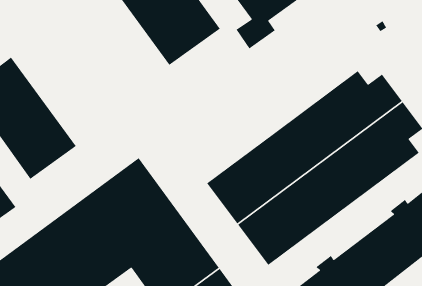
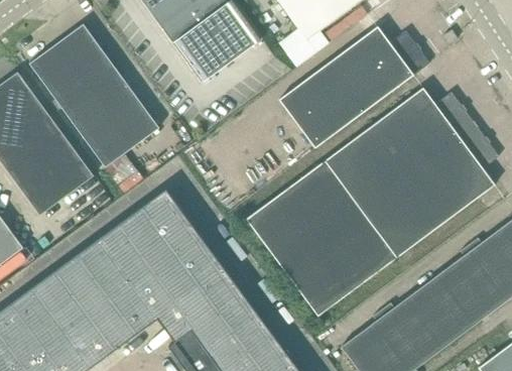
building: none -> [29,24,158,167]
building: none -> [278,26,429,148]

